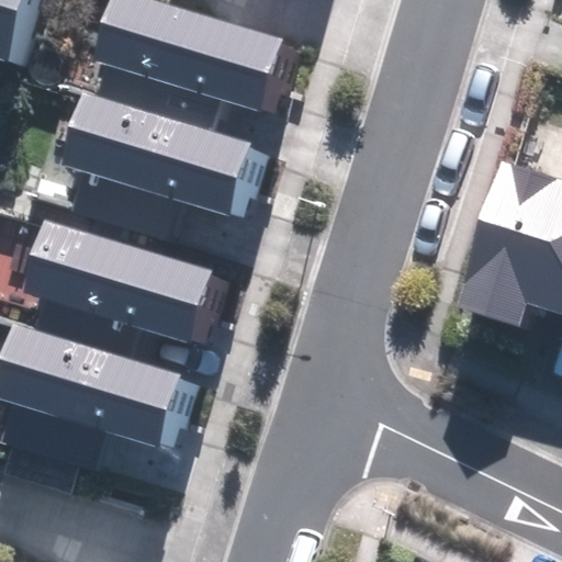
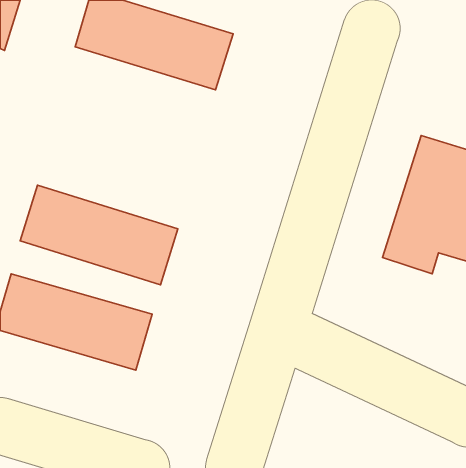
building: [64,98,252,217] -> none

